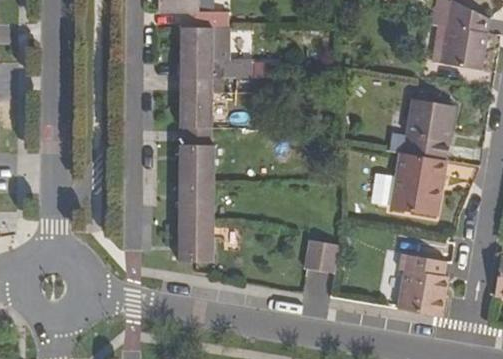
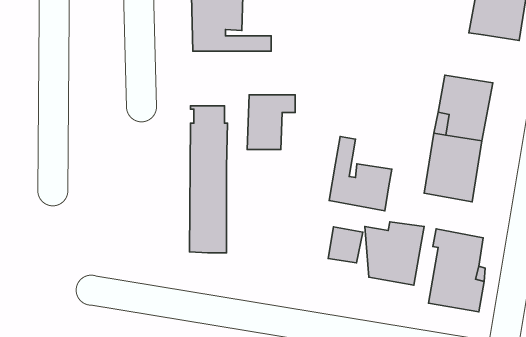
building: [179,78,223,128] -> [247,95,295,149]
building: none -> [329,136,392,211]
building: none -> [365,222,424,285]

